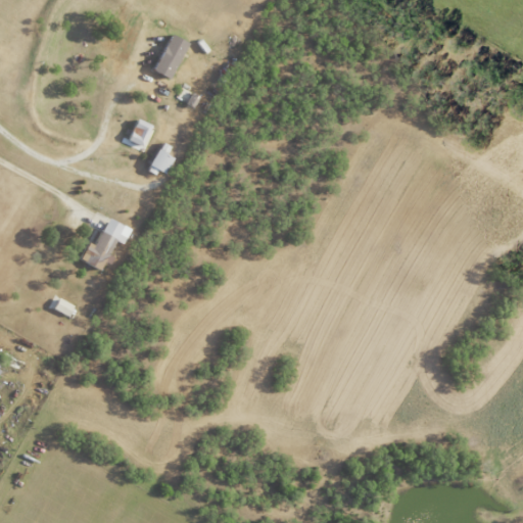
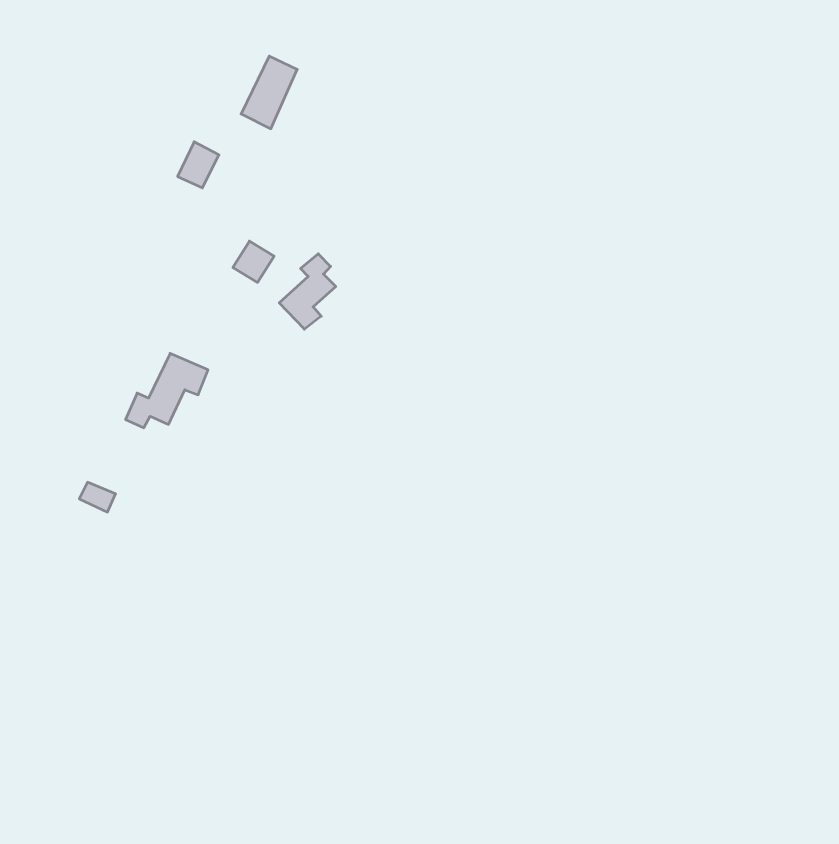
building: [127,118,152,147] -> [178,142,219,188]
building: none -> [279,254,336,329]

